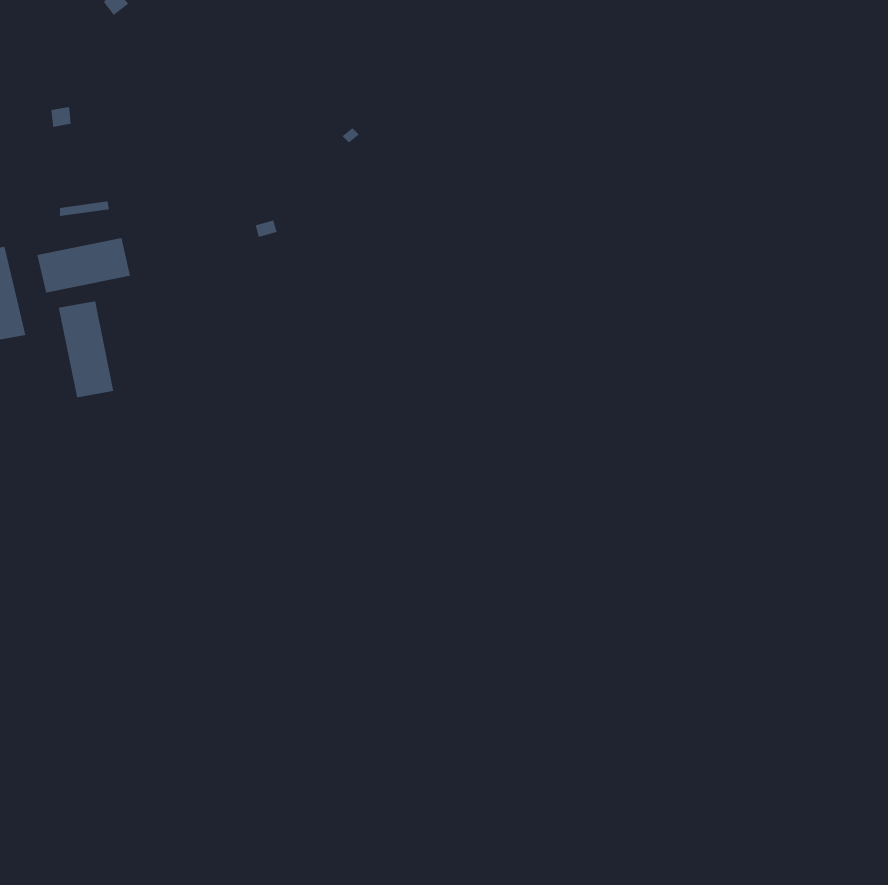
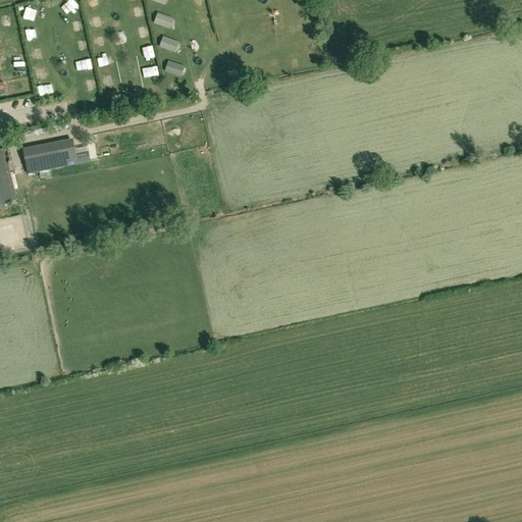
building: [58,301,114,398] -> none

